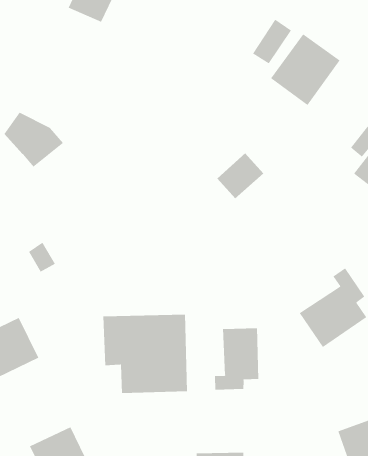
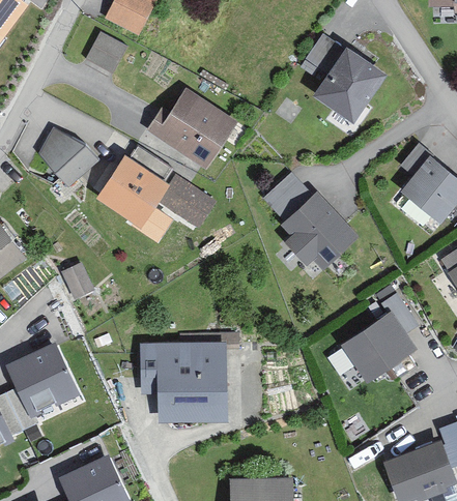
building: none -> [84,34,124,75]
building: none -> [145,91,235,170]
building: none -> [97,155,213,231]
building: none -> [281,190,361,267]
building: [214,327,259,390] -> none

